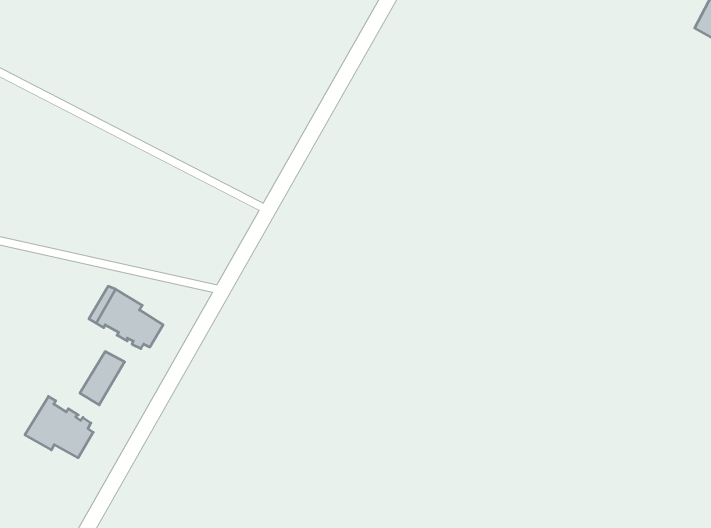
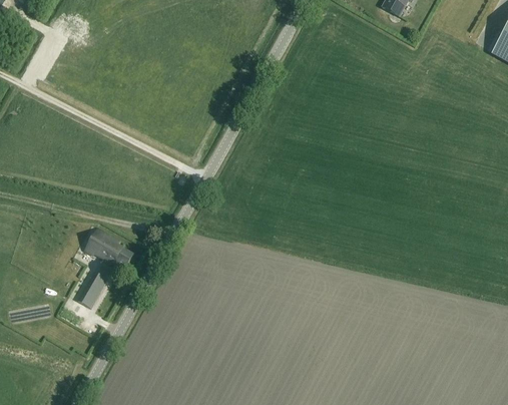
building: [25,396,93,458] -> none

